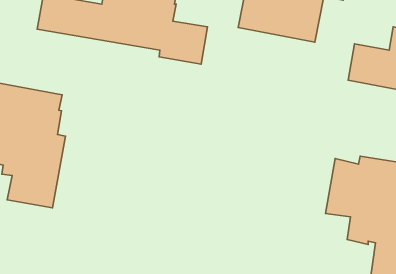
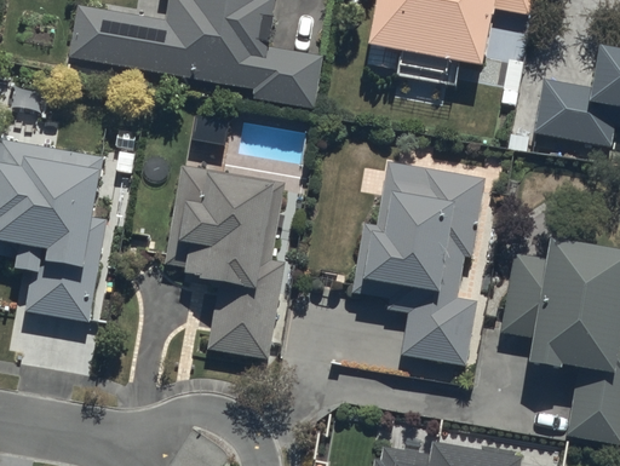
building: none -> [354,161,486,366]
building: none -> [166,165,287,358]

